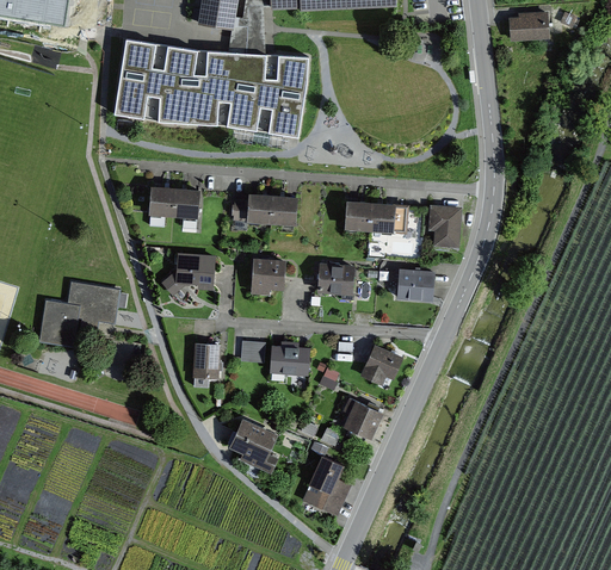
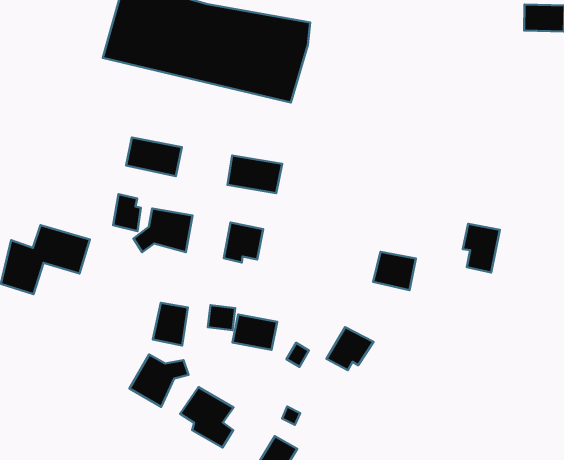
building: [342,199,394,233] -> none
building: [428,204,462,248] -> [463,224,500,273]
building: none -> [113,194,141,231]
building: [317,262,354,295] -> none
building: none -> [129,355,188,407]
building: [344,397,382,439] -> none

